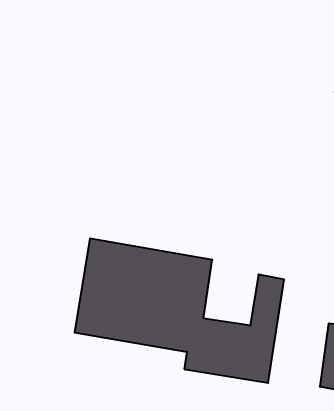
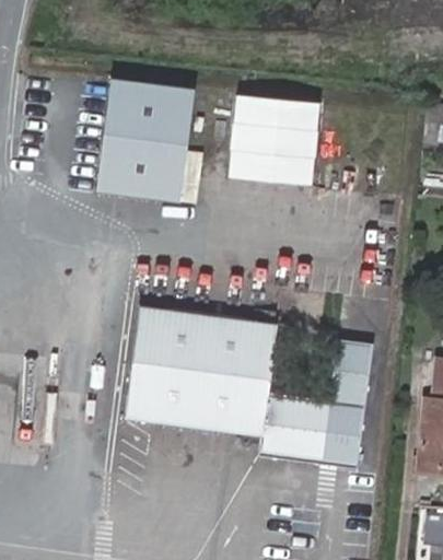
building: none -> [95,78,193,202]
building: none -> [228,88,322,180]

